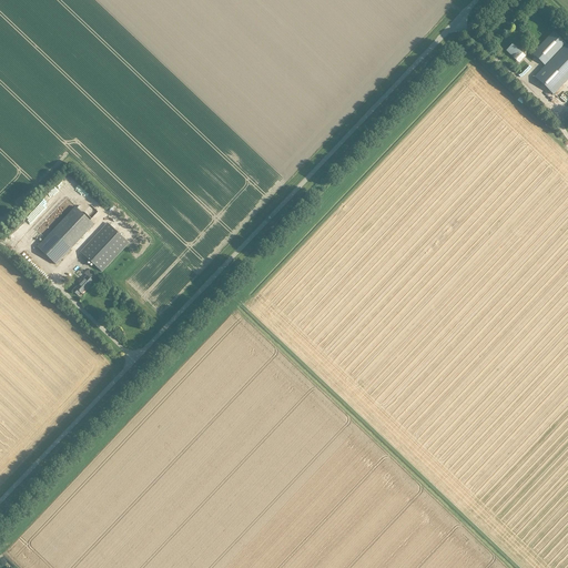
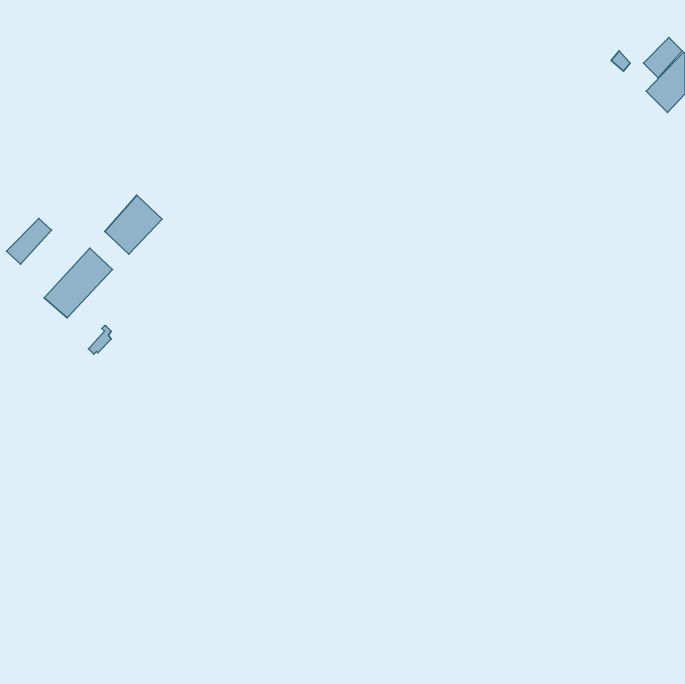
building: none -> [7,219,52,264]
building: [81,222,129,271] -> [105,195,162,254]

